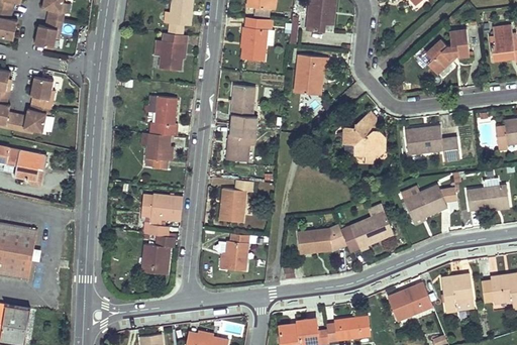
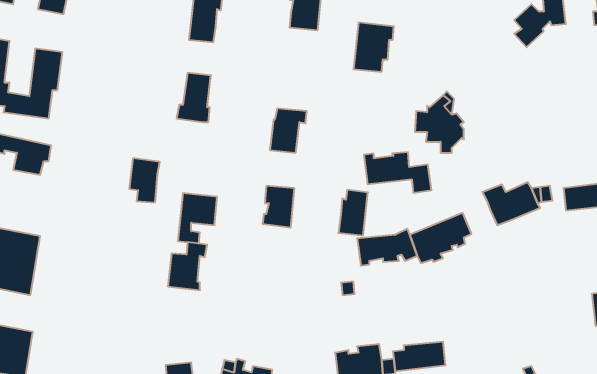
building: [230,86,257,127] -> none
building: [404,127,459,160] -> [364,152,431,193]
building: [145,133,171,169] -> [129,158,160,202]
building: [224,233,248,270] -> [338,190,368,235]
building: [440,273,473,312] -> none
building: [387,282,432,320] -> none

